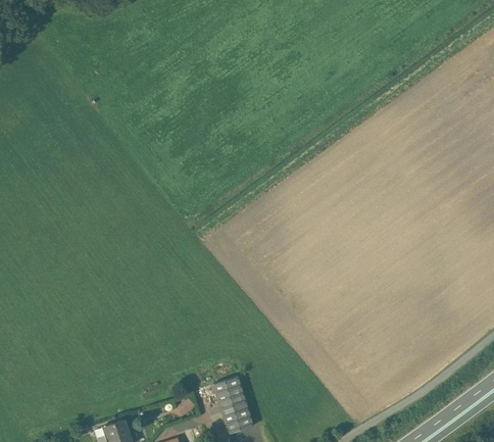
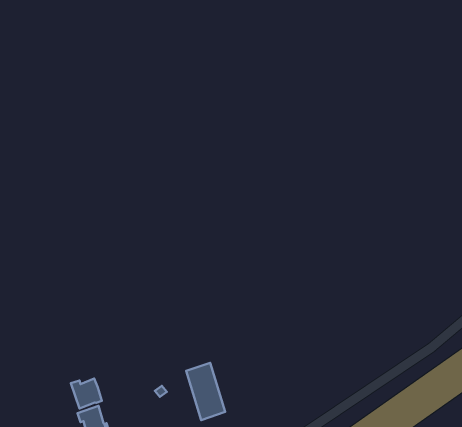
building: none -> [71,378,102,408]

